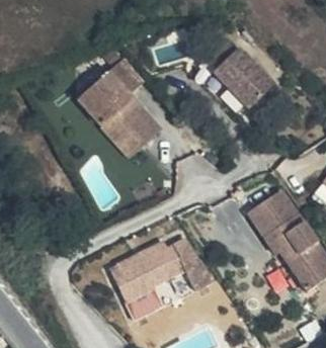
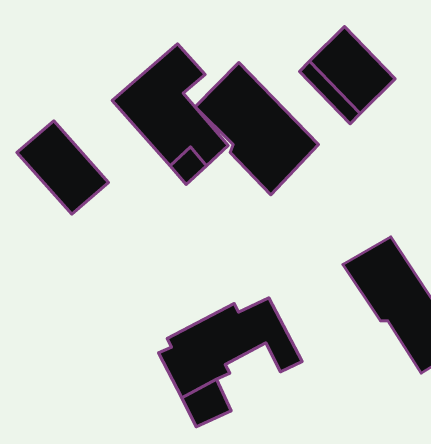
building: none -> [195,63,319,195]
building: none -> [17,121,108,214]

